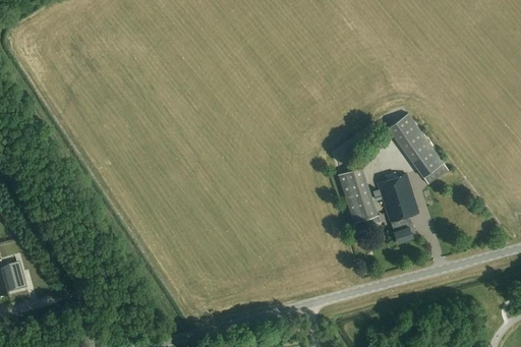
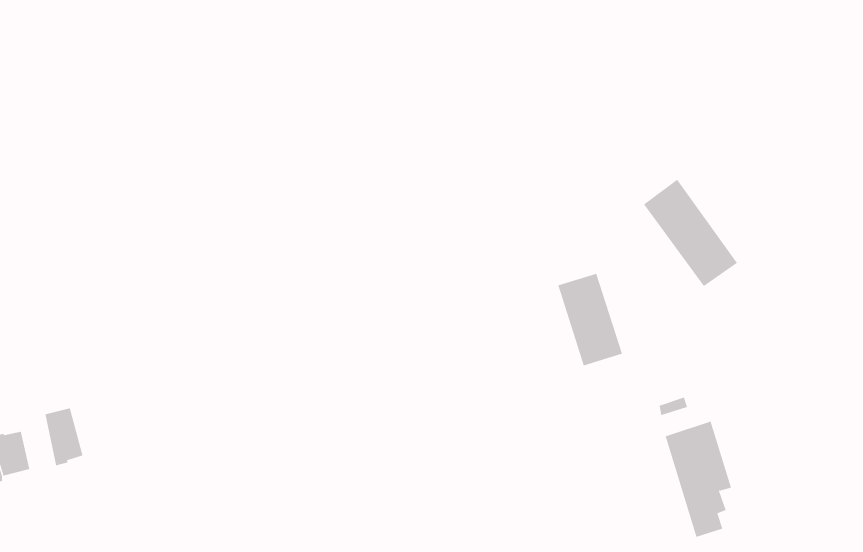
building: [378,174,417,243] -> [665,421,732,538]
building: none -> [45,408,83,466]

